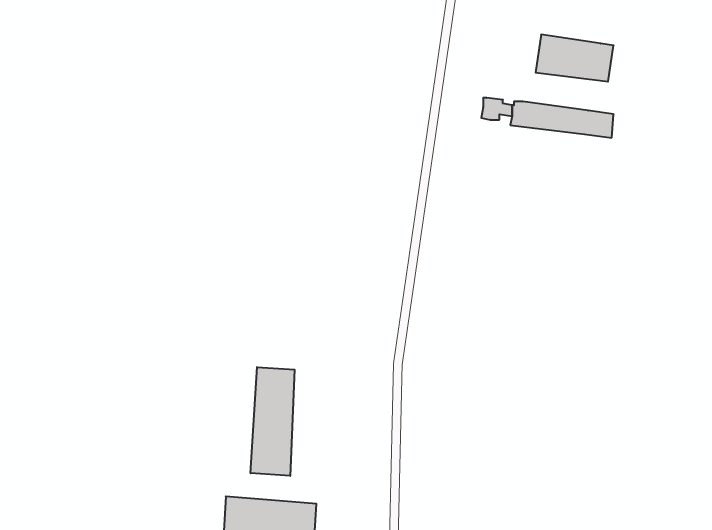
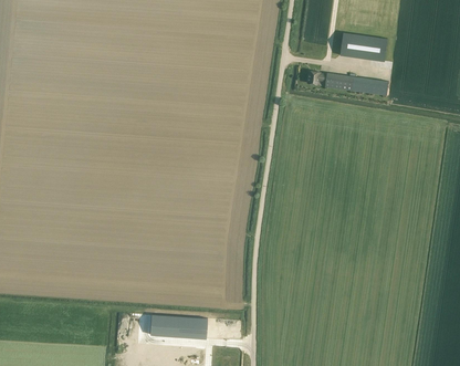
building: [251,367,295,476] -> none

